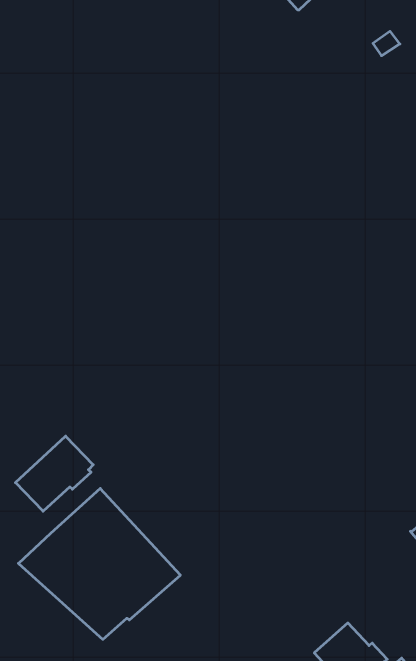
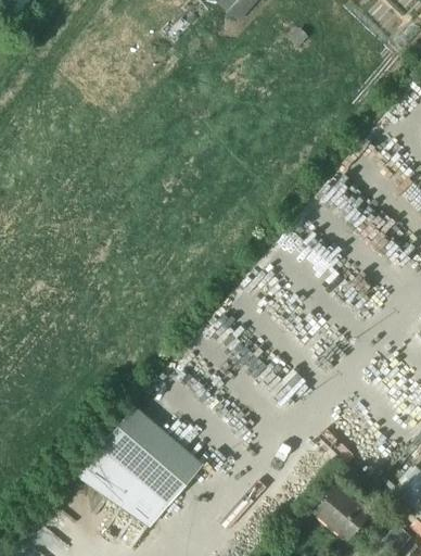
building: [15,436,93,511] -> none

